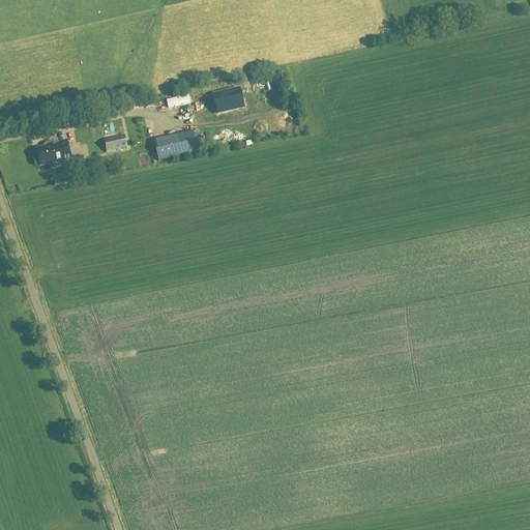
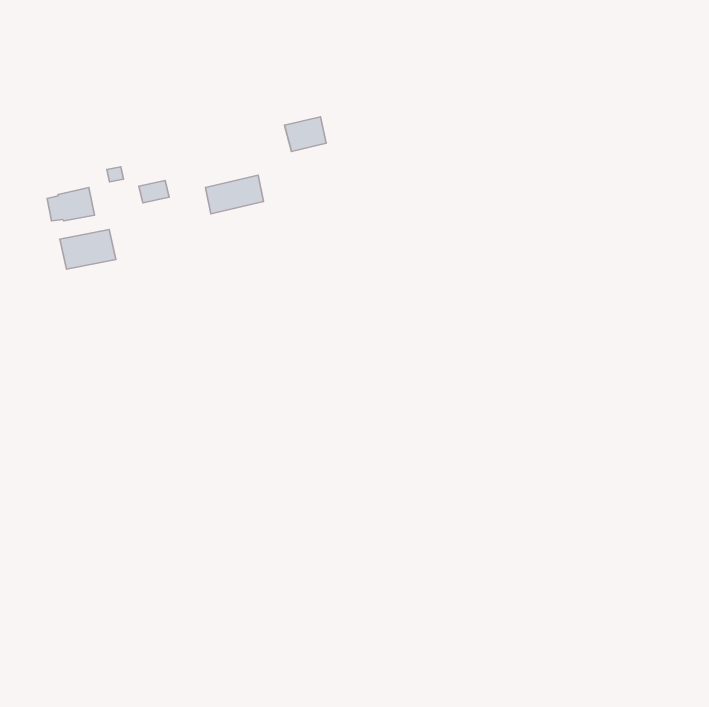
building: none -> [60,229,116,269]

